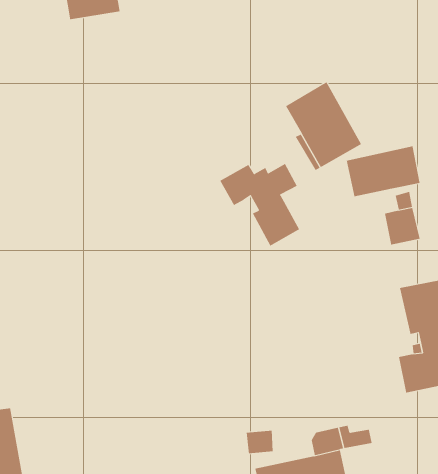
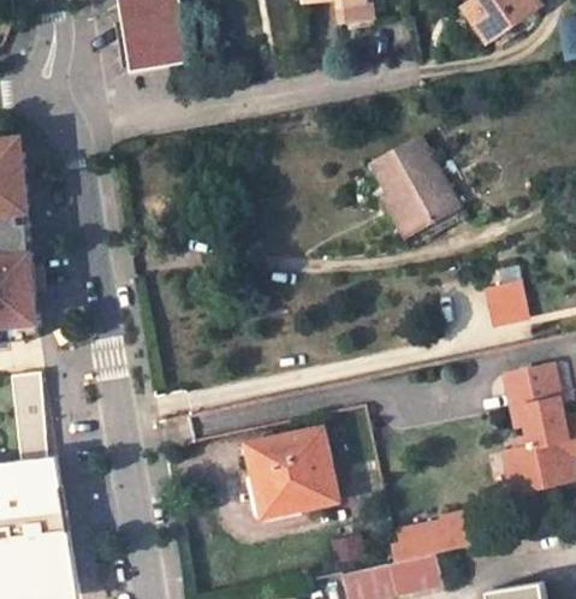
building: [346,146,420,197] -> none
building: [219,163,300,246] -> none
building: none -> [251,434,333,516]

